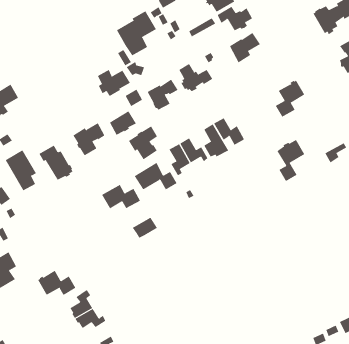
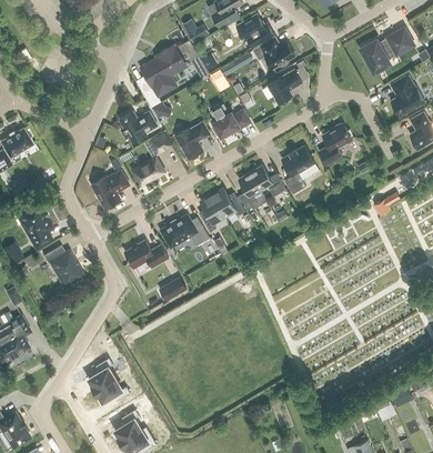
building: [128,126,158,160] -> none
building: [277,139,305,182] -> [282,145,314,193]
building: [38,145,73,181] -> [43,244,82,284]
building: [38,270,76,303] -> none

